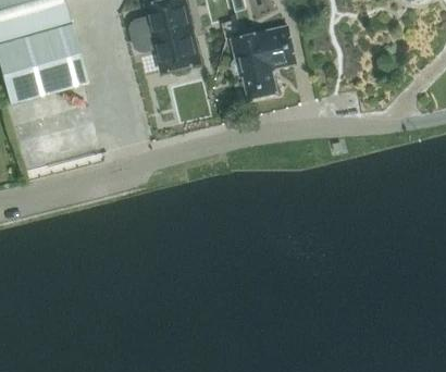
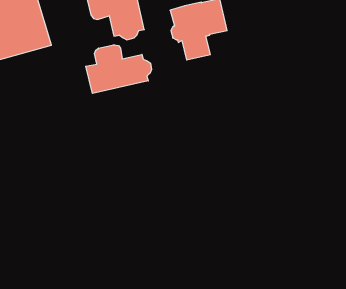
building: none -> [86,45,152,93]

